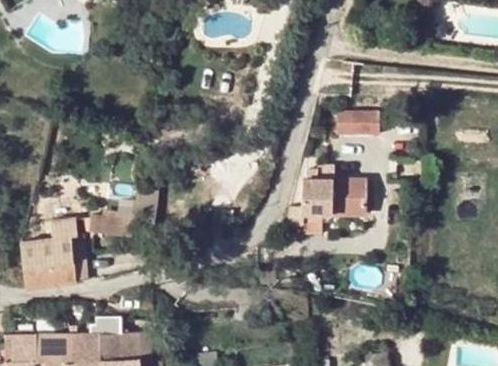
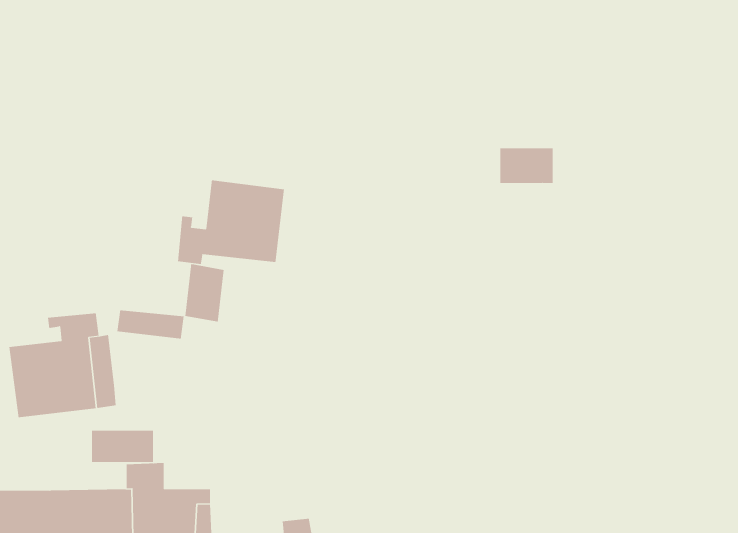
building: none -> [178,179,284,265]
building: [289,171,366,225] -> none
building: none -> [91,430,153,463]

